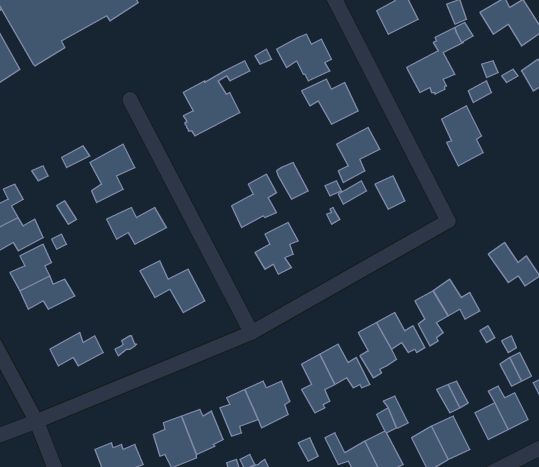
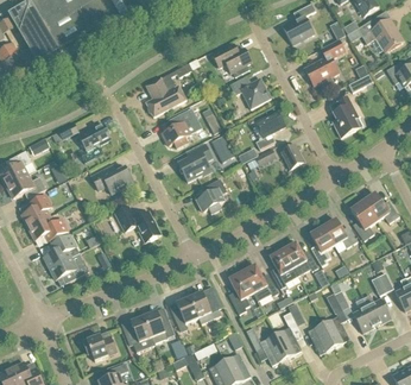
building: none -> [162,106,202,146]
building: none -> [350,200,377,240]
building: none -> [43,232,77,267]

